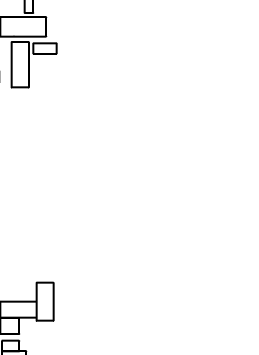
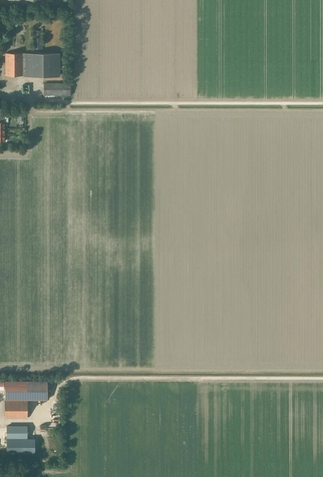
building: [12,42,29,88] -> none
building: [37,283,53,321] -> none

